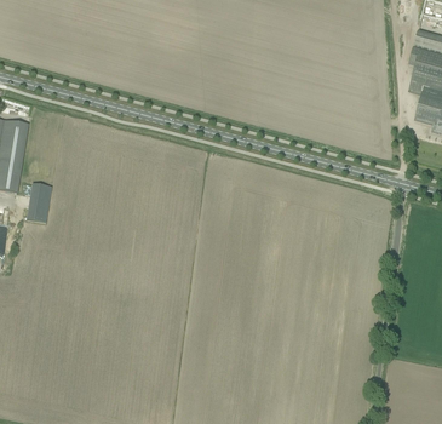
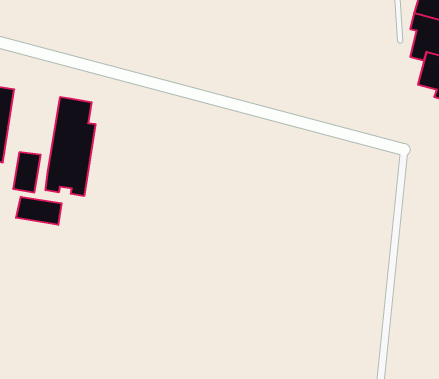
building: none -> [46,97,95,196]
building: none -> [16,197,62,225]

